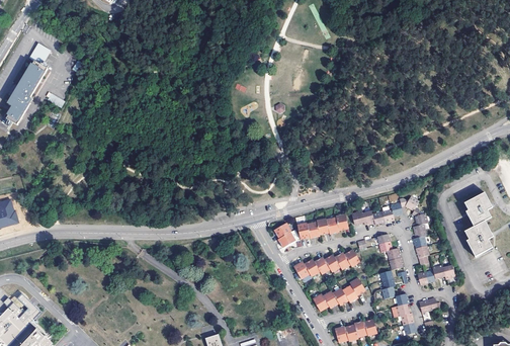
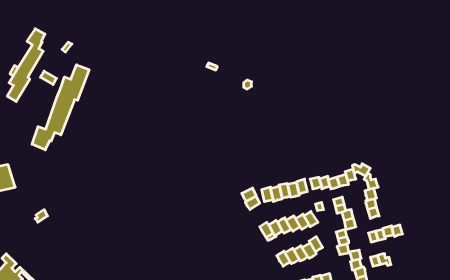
building: none -> [32,65,89,150]
building: [464,190,494,255] -> none

